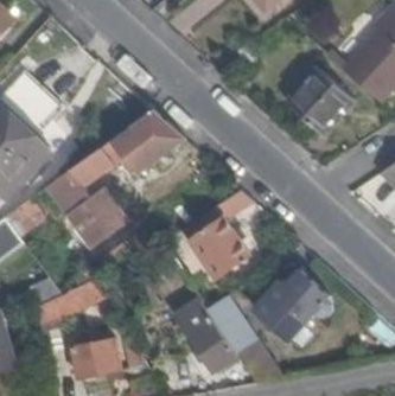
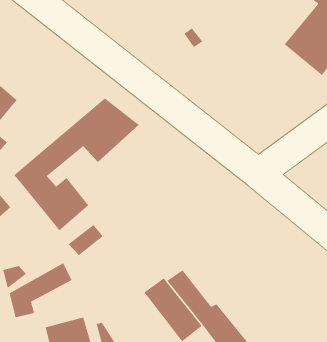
building: [288,69,352,133] -> none
building: [185,190,251,279] -> none
building: [268,272,329,346] -> none

